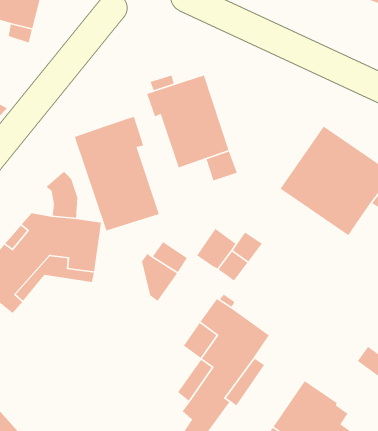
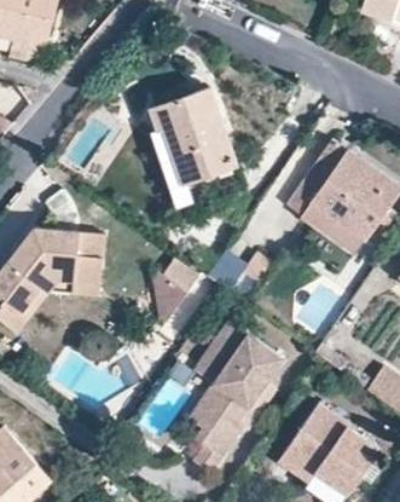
building: [74,116,160,231] -> none

